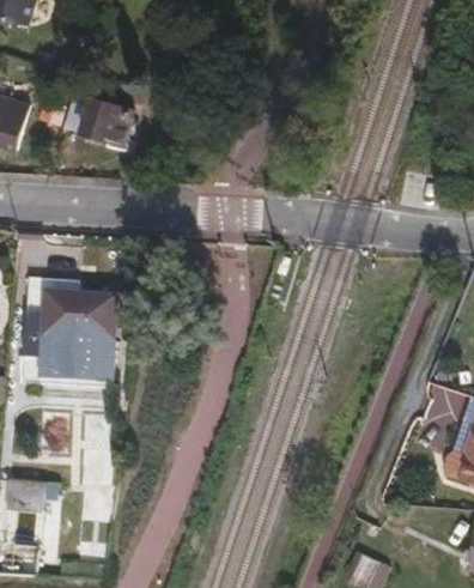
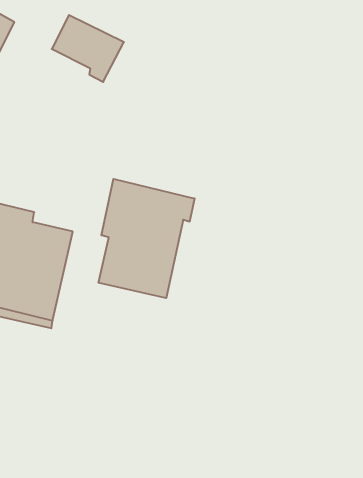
building: none -> [99,179,195,298]

